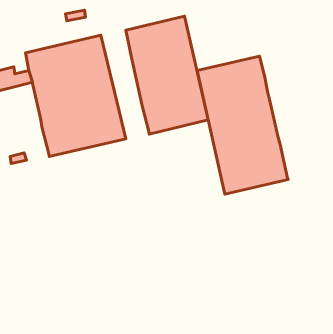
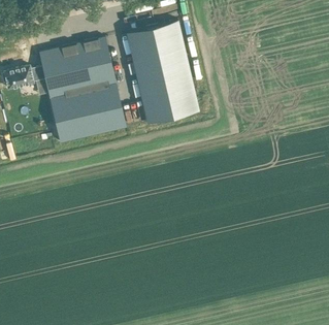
building: [197,56,288,194] -> none

